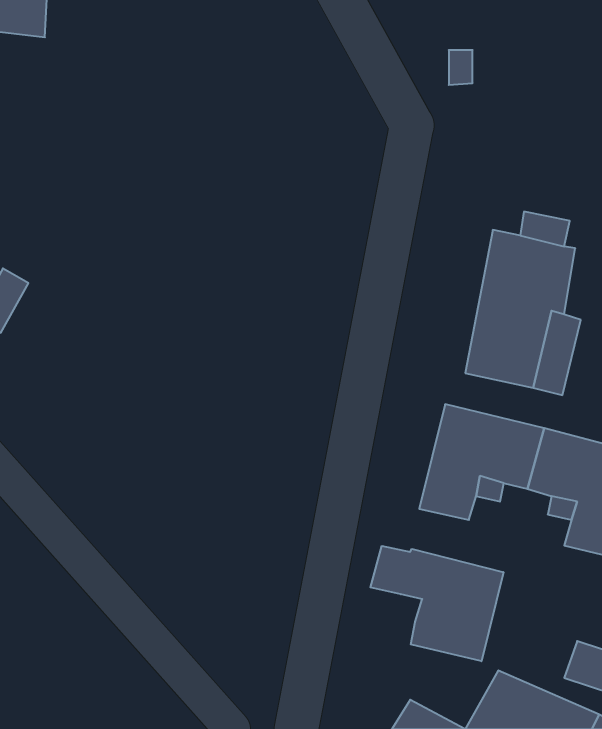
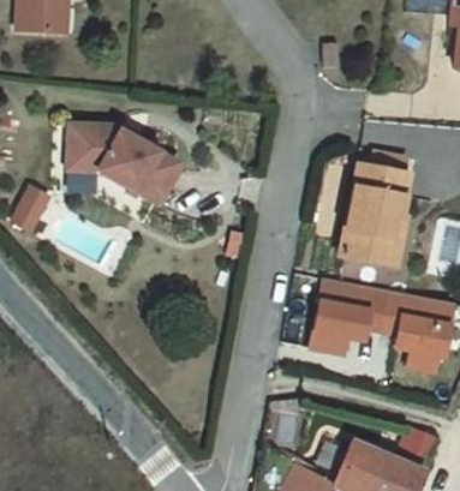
building: none -> [72,120,179,199]
building: [370,546,503,661] -> none

